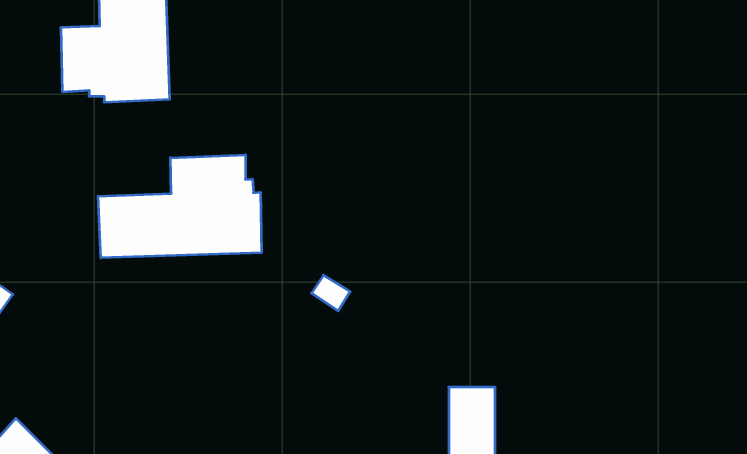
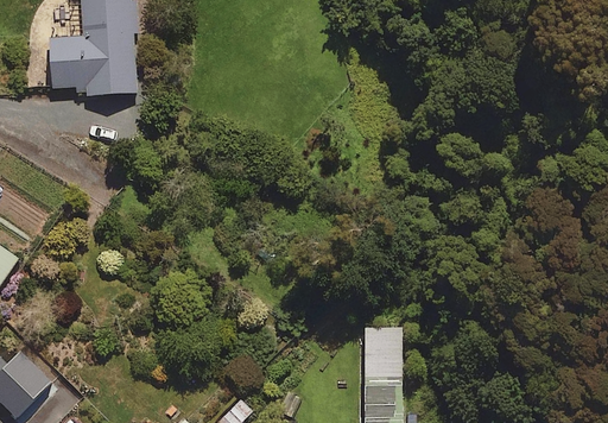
building: [98,155,261,258] -> none

